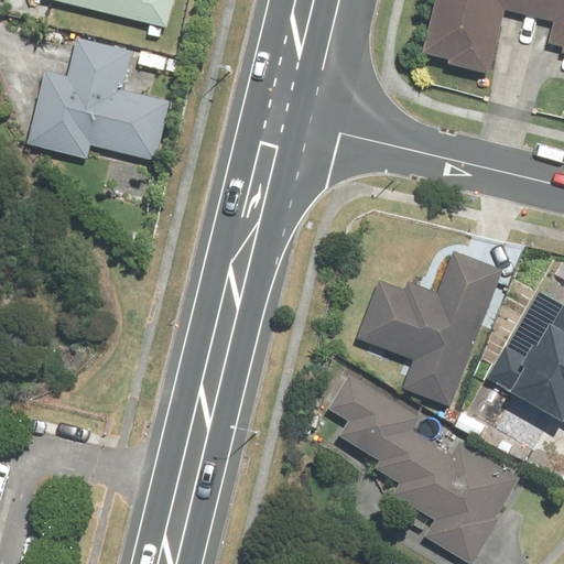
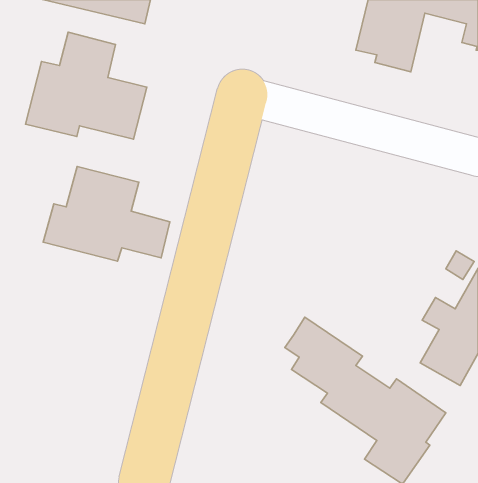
building: none -> [43,166,170,261]
building: [359,247,502,406] -> none

